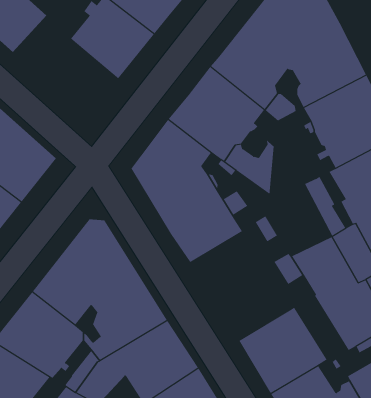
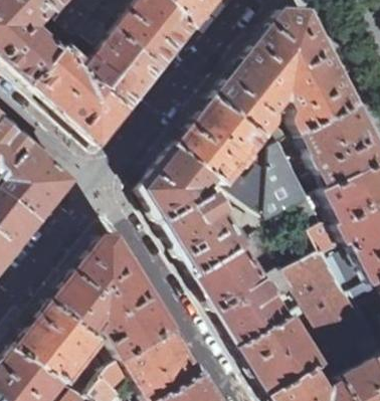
building: none -> [33,45,130,144]
building: none -> [268,156,311,218]
building: none -> [195,246,288,347]

